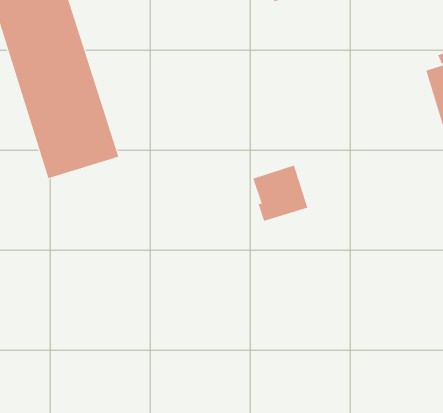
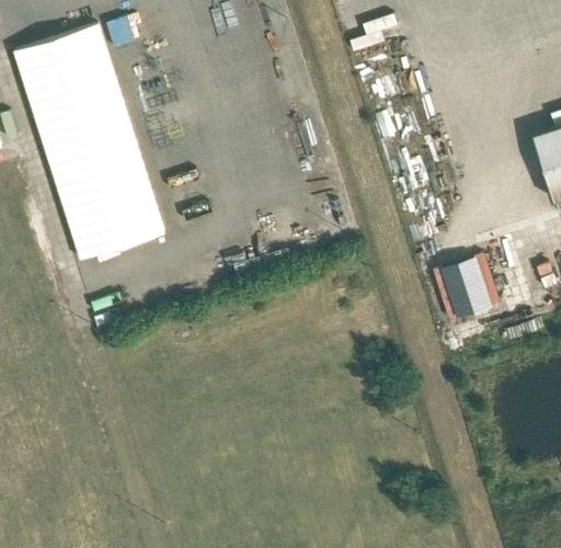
building: [253,165,308,222] -> [434,253,501,321]

